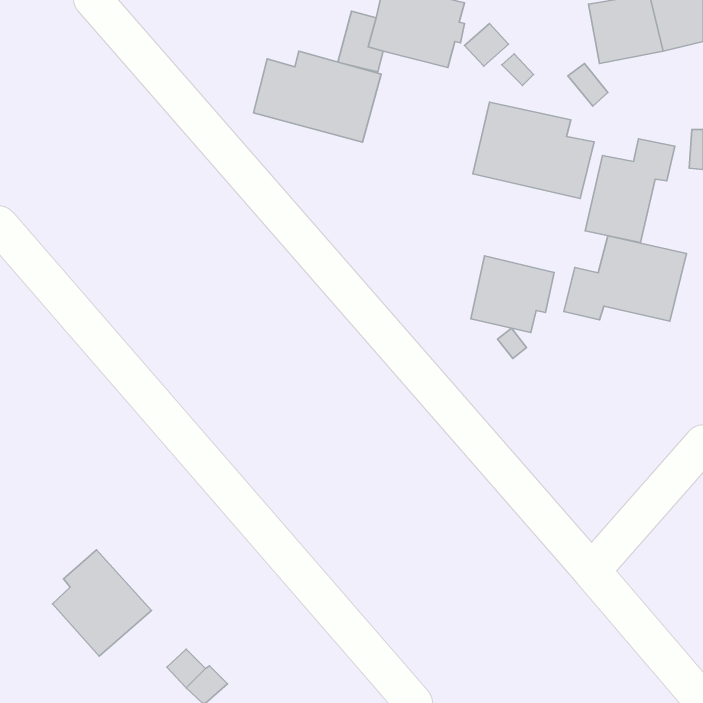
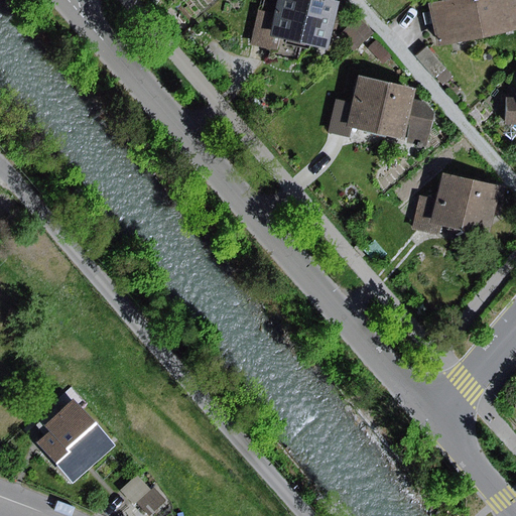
building: [253,51,381,142] -> none
building: [585,139,675,243] -> none
building: [471,256,554,333] -> none

